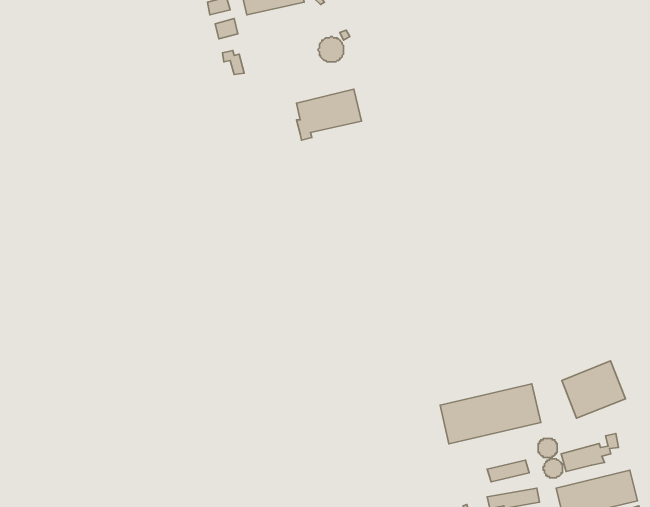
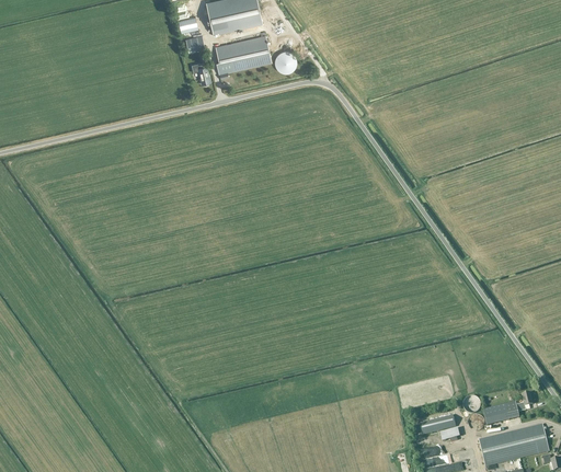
building: [296,89,361,140] -> [216,35,272,79]
building: [562,361,625,418] -> none
building: [440,384,541,444] -> none

